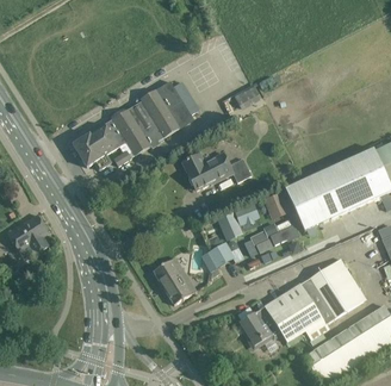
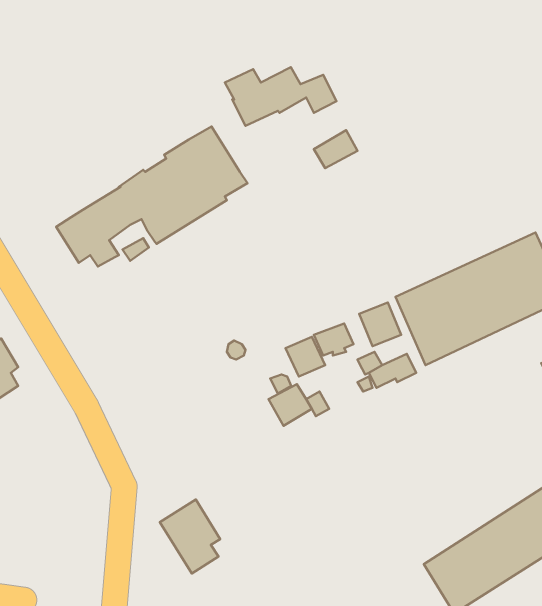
building: [181,152,252,189] -> [225,67,336,126]
building: [153,257,191,304] -> [160,499,220,573]
building: [237,260,365,344] -> none

